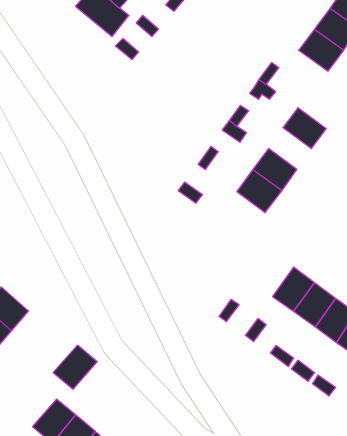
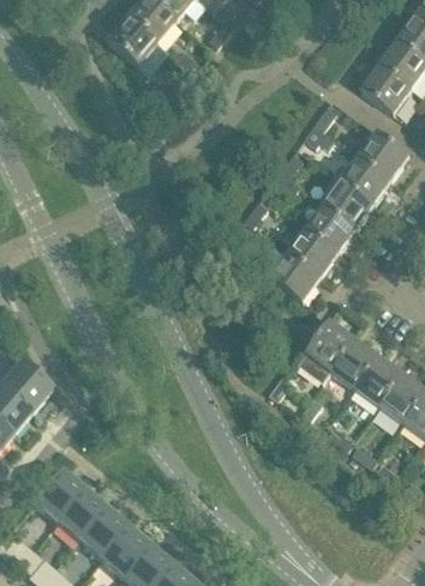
building: none -> [360,131,411,179]
building: none -> [327,177,376,225]
building: none -> [271,250,323,301]
building: none -> [299,320,355,380]
building: [53,345,97,389] -> [34,469,84,519]

